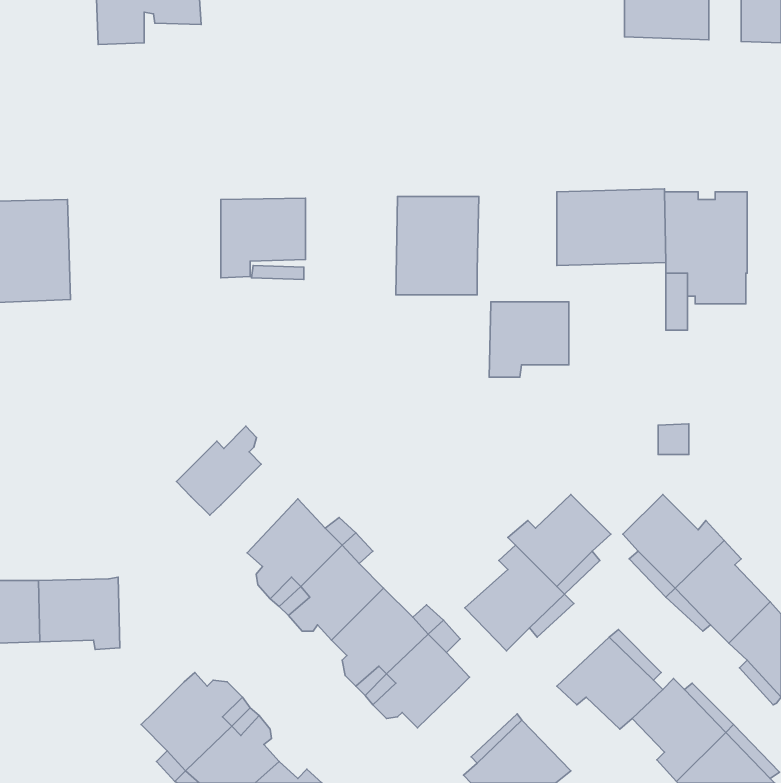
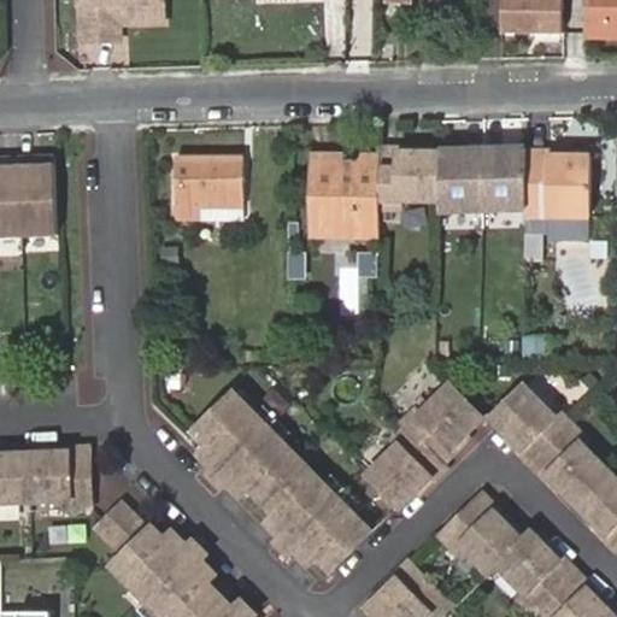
building: [489,302,569,377] -> [375,153,437,212]
building: [176,426,261,515] -> none
building: none -> [95,504,145,559]

